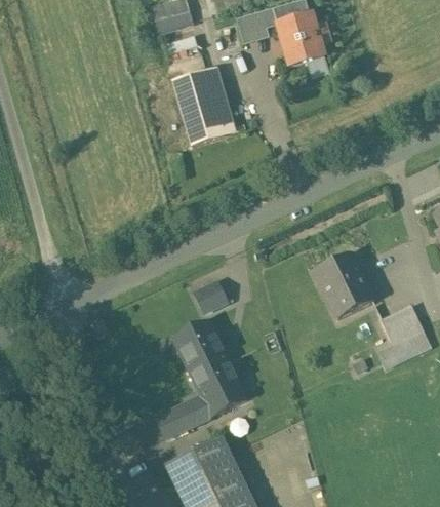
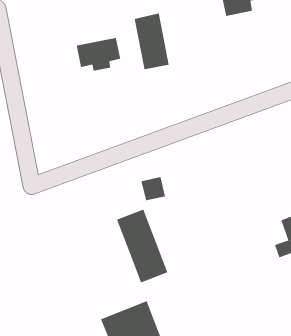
building: none -> [76,37,121,71]
building: [315,254,373,317] -> none
building: [156,396,211,437] -> none

